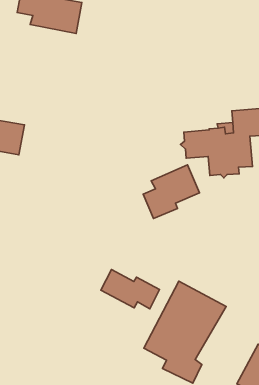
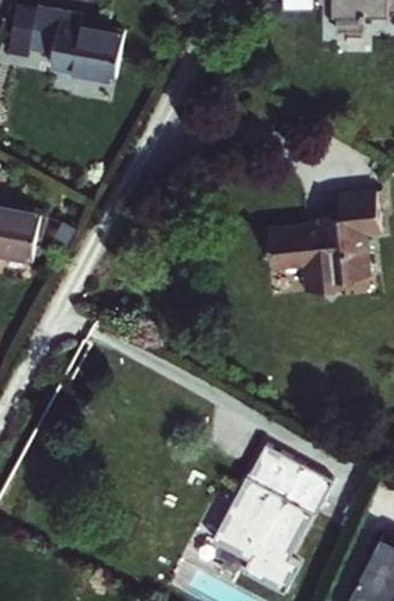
building: [143,165,199,219] -> none
building: [101,269,159,309] -> none

